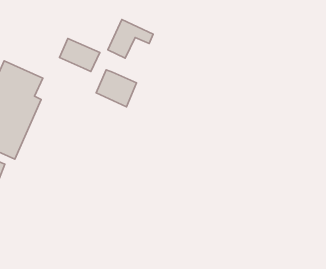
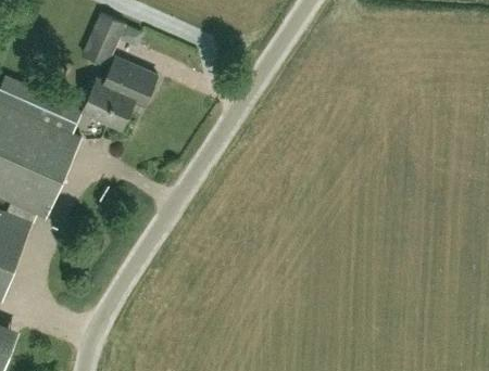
building: [108,19,153,58] -> [83,14,142,65]
building: [96,70,137,107] -> [83,79,136,128]

